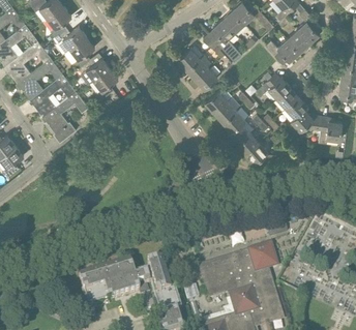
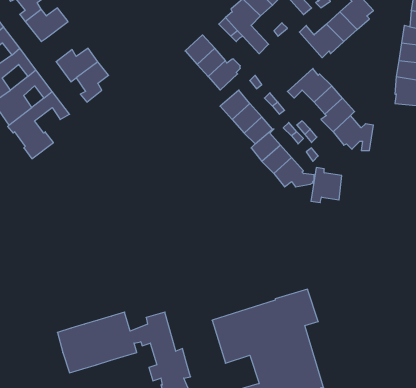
building: [70,37,96,68] -> none
building: [319,117,343,144] -> [311,168,342,203]

